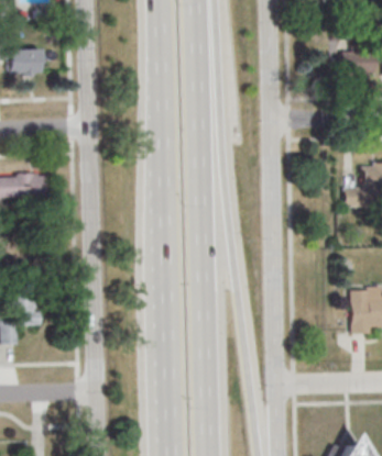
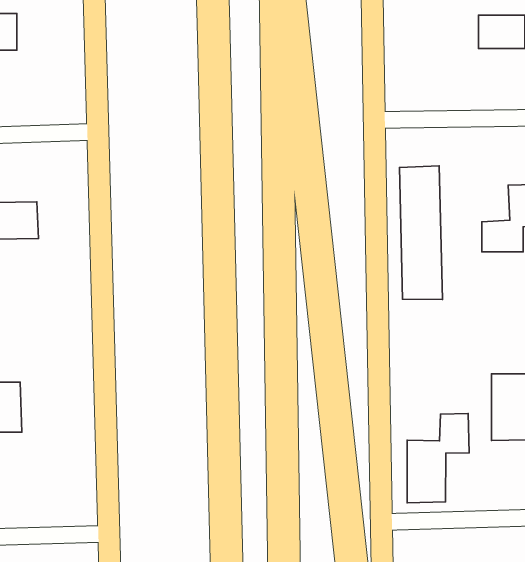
building: none -> [399,166,442,299]
building: none -> [407,414,469,503]

